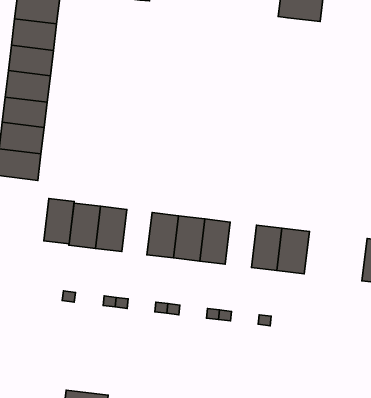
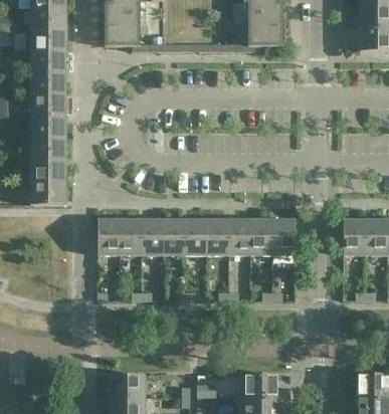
building: [44,199,74,244] -> [142,219,163,254]
building: none -> [228,219,250,254]

